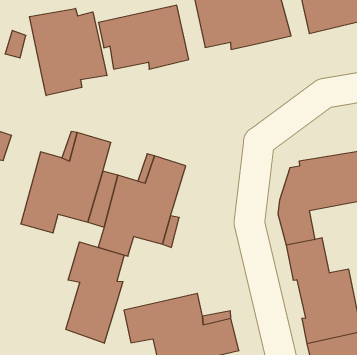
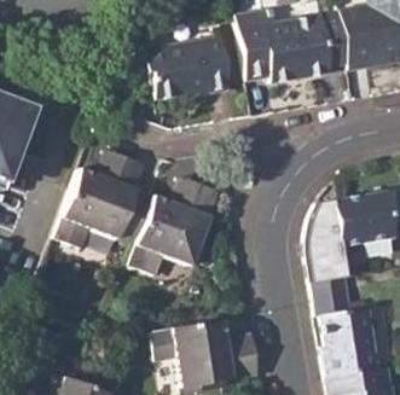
building: [29,8,107,96] -> none
building: [66,242,124,343] -> none

